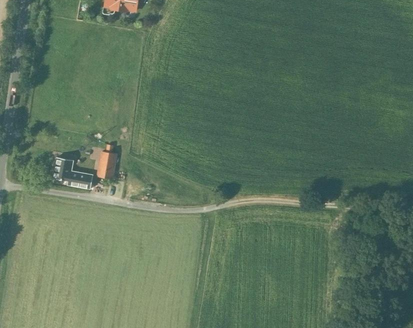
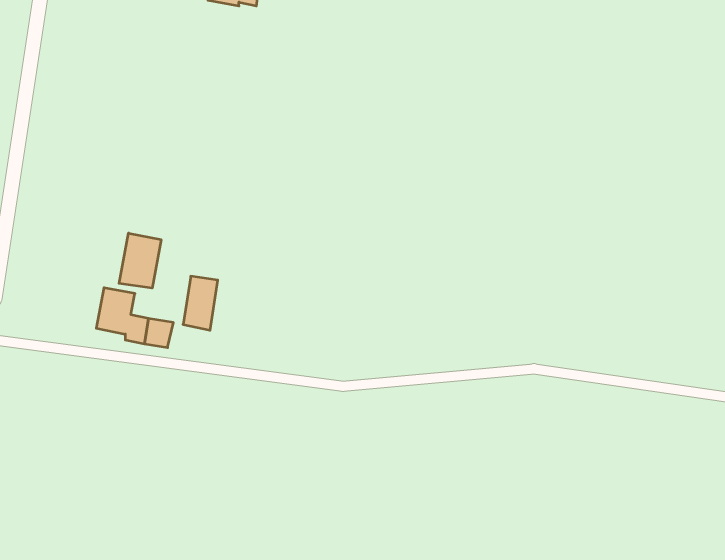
building: none -> [119,233,161,288]

